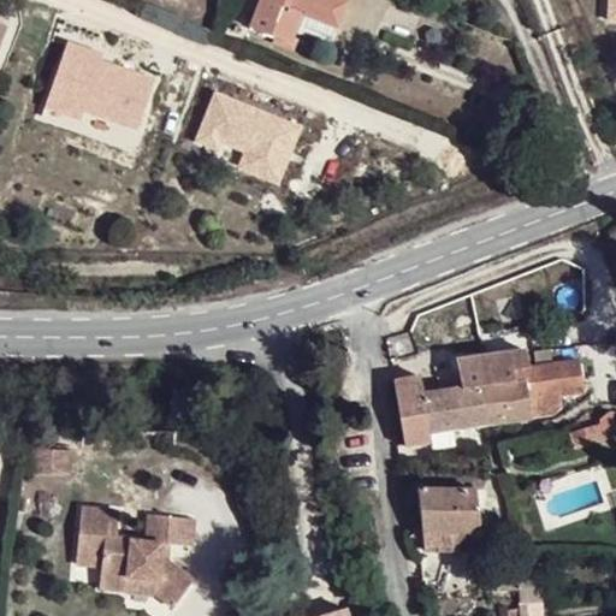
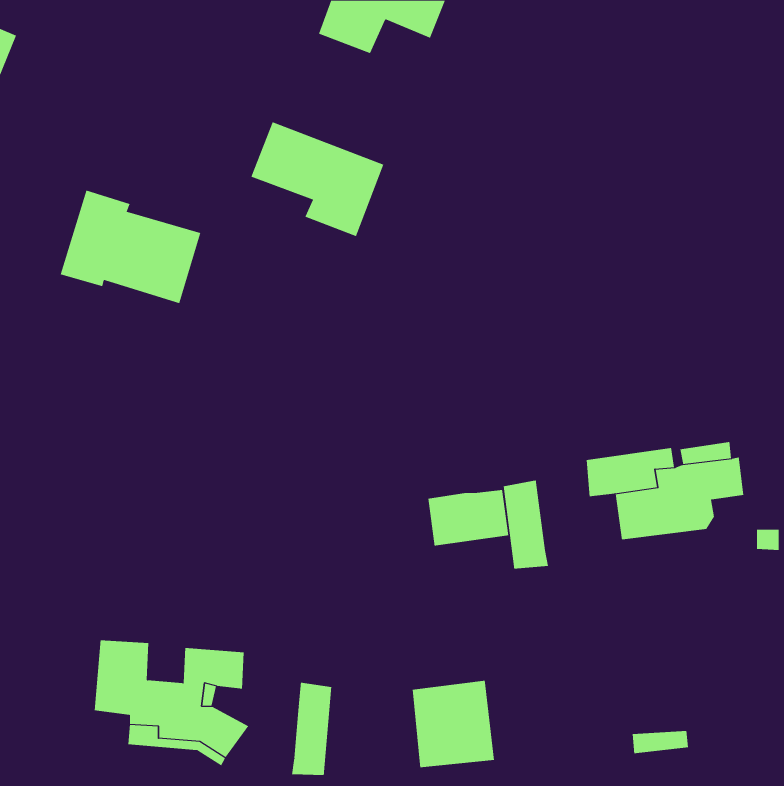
building: [46,42,156,131] -> [60,190,201,304]
building: [422,386,486,431] -> [428,489,509,546]
building: [414,481,479,550] -> [412,680,495,768]
building: none -> [292,682,332,776]

